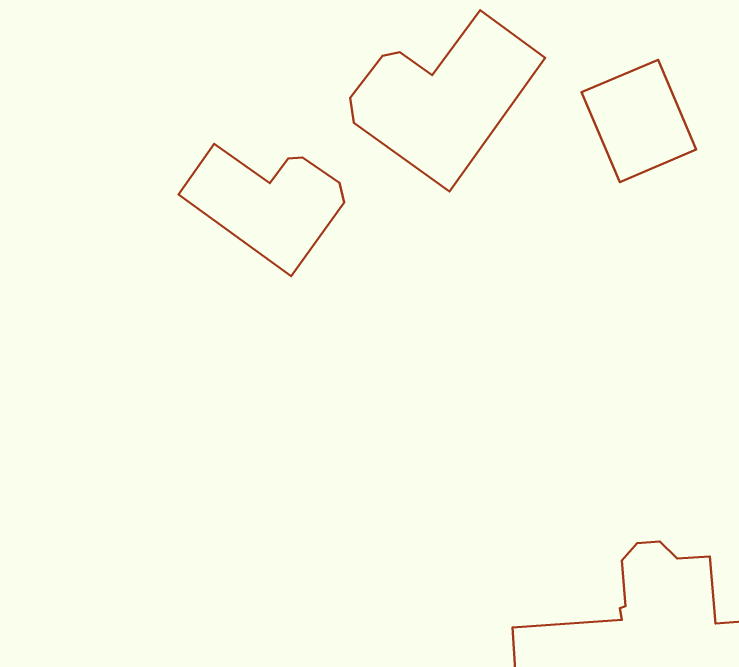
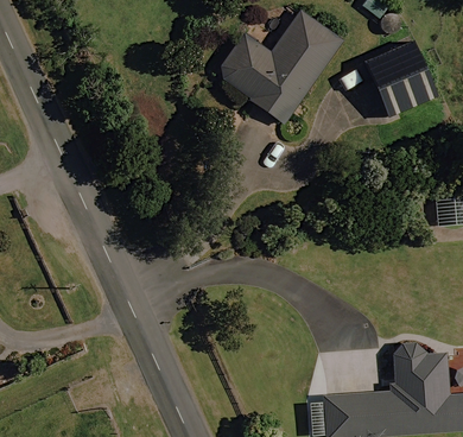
building: [178,144,344,276] -> none

